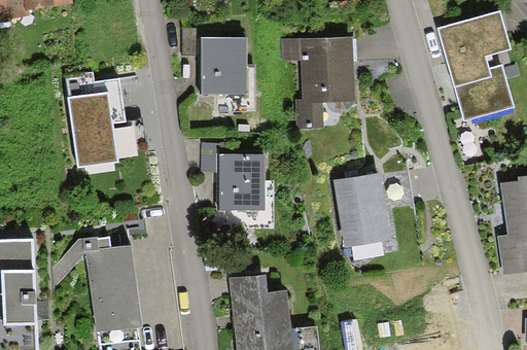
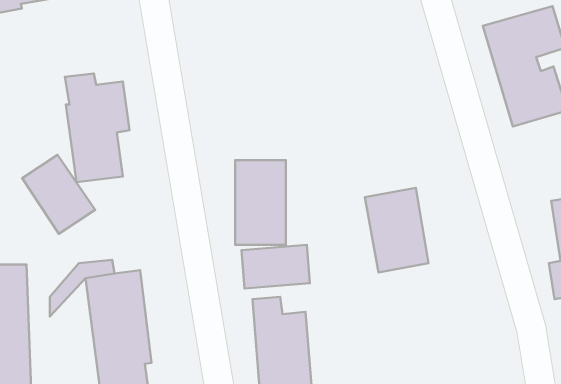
building: [199,32,244,108] -> none
building: [283,37,353,124] -> none
building: none -> [22,155,95,234]
building: none -> [241,245,310,288]

